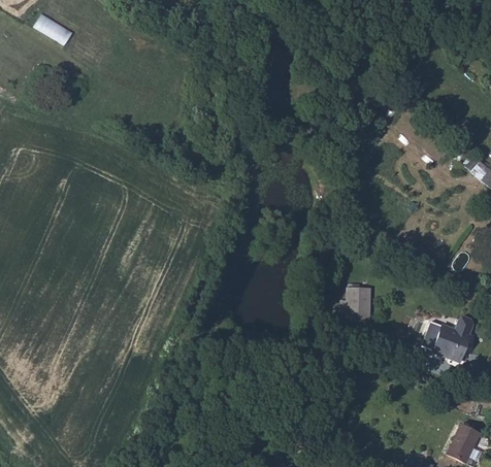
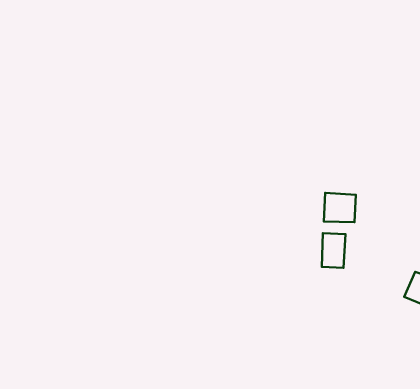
building: none -> [324,193,356,222]

